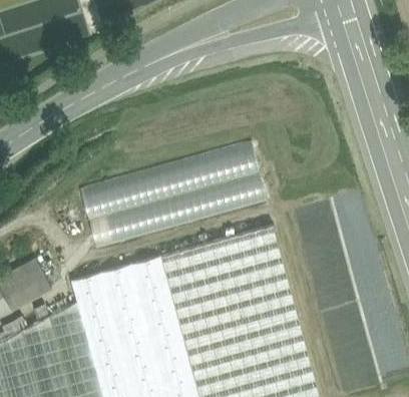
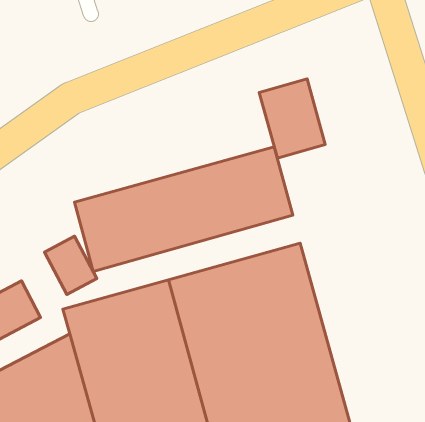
building: none -> [259,79,325,158]
building: none -> [45,236,97,295]

